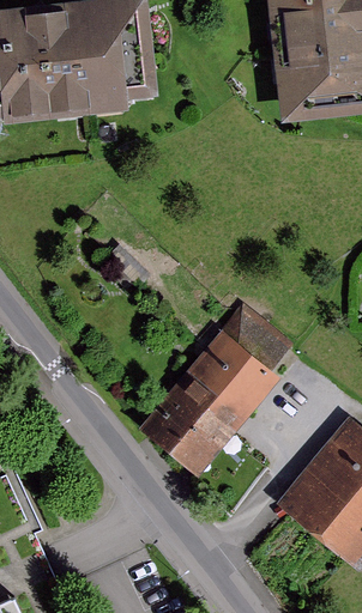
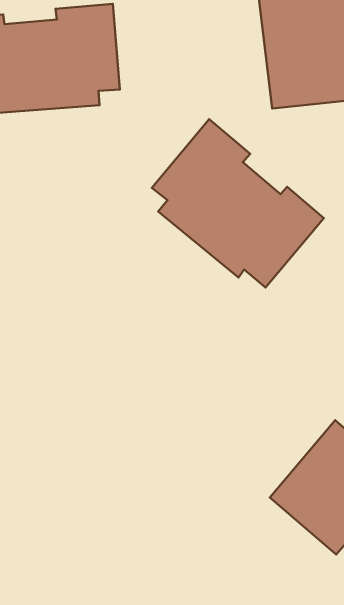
building: none -> [152,119,324,288]
building: [140,311,283,475] -> none

